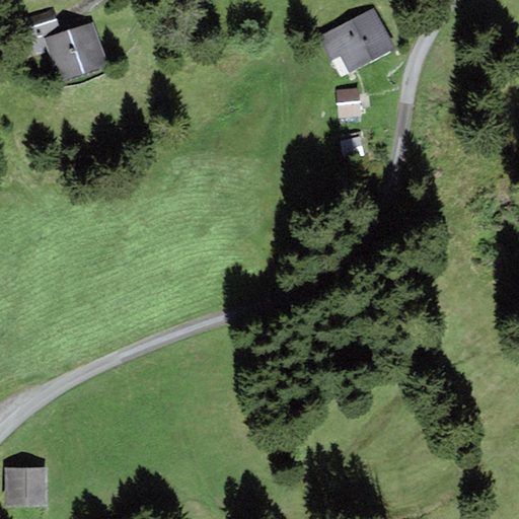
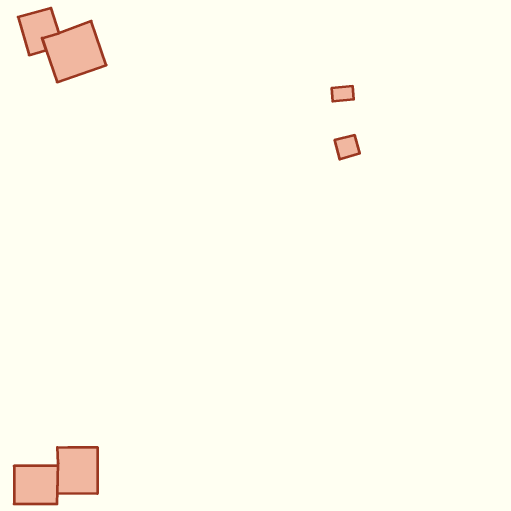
building: [317,8,393,72] -> none
building: none -> [57,447,97,494]

